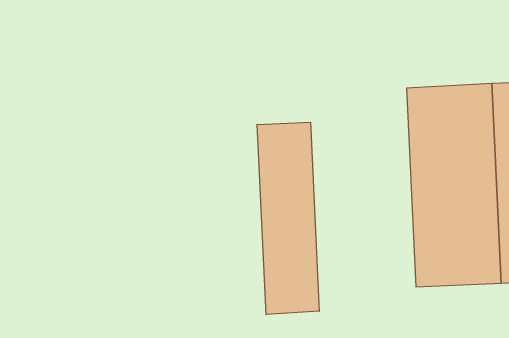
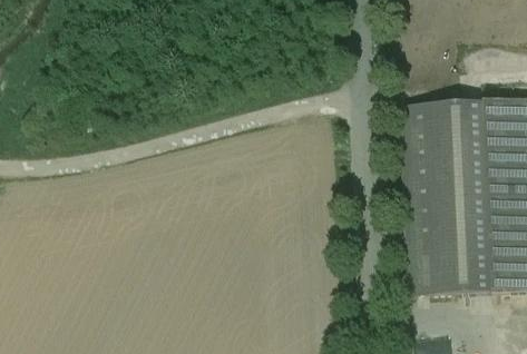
building: [257,122,319,315] -> none

